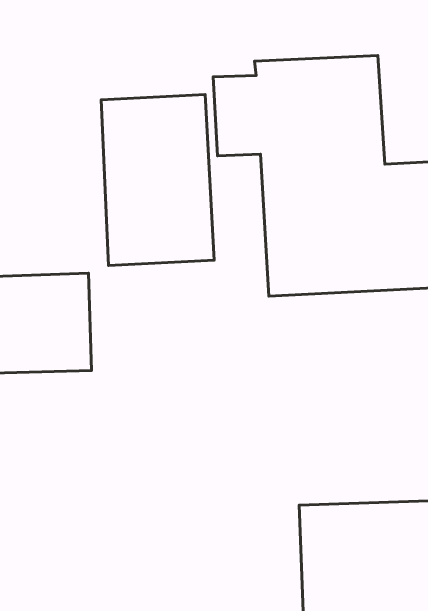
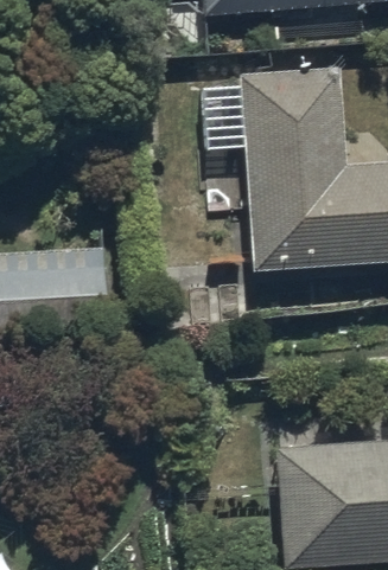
building: [101,94,214,266] -> none

